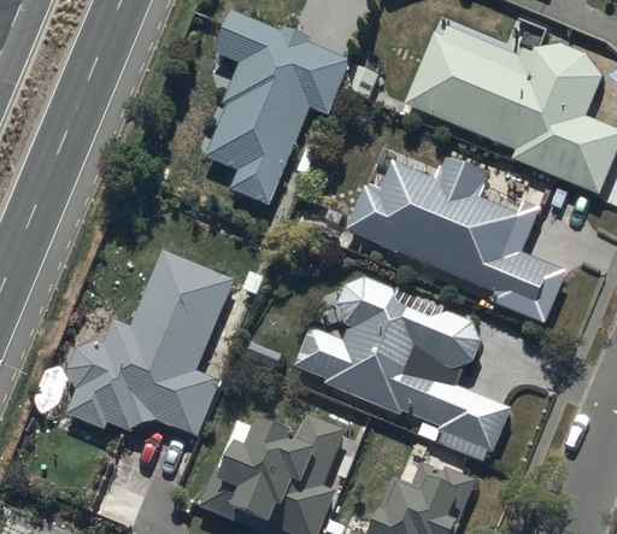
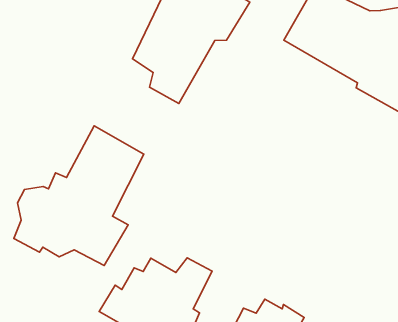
building: [347,158,566,323] -> none
building: [293,277,509,460] -> none

